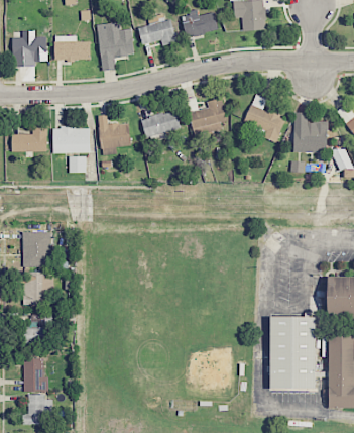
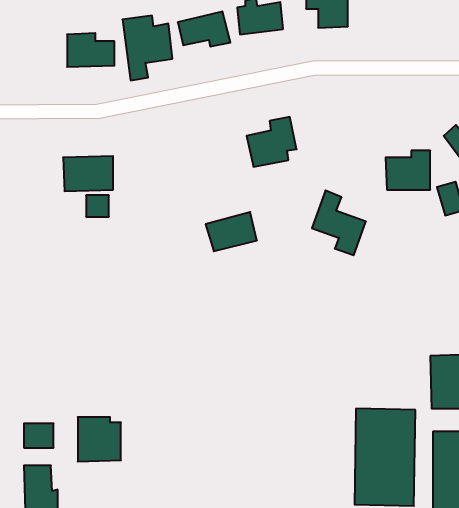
building: [12,30,47,67] -> none
building: [245,94,285,142] -> [312,190,366,255]
building: [142,110,181,139] -> [206,212,257,251]
building: [98,115,131,148] -> none
building: [11,127,47,152] -> none
building: [22,231,50,267] -> none
building: [21,272,53,305] -> [78,417,121,462]

